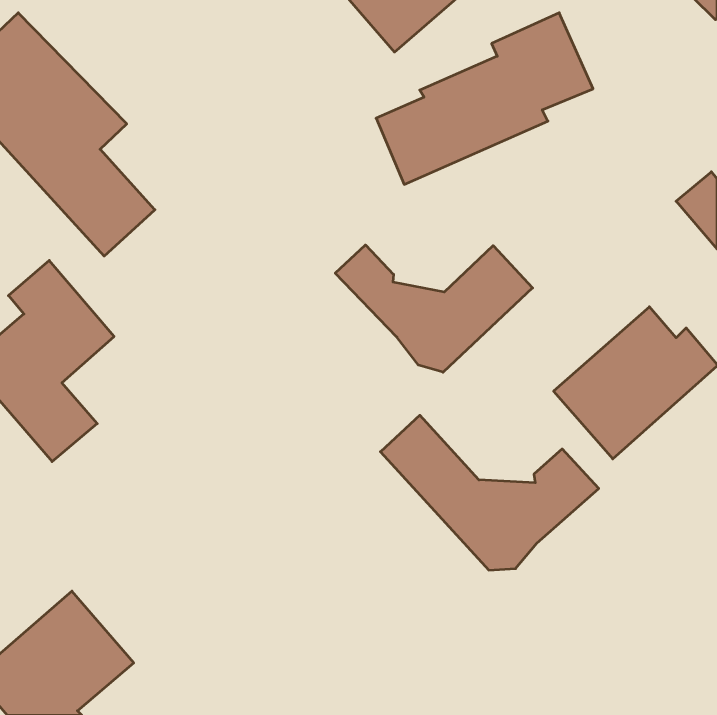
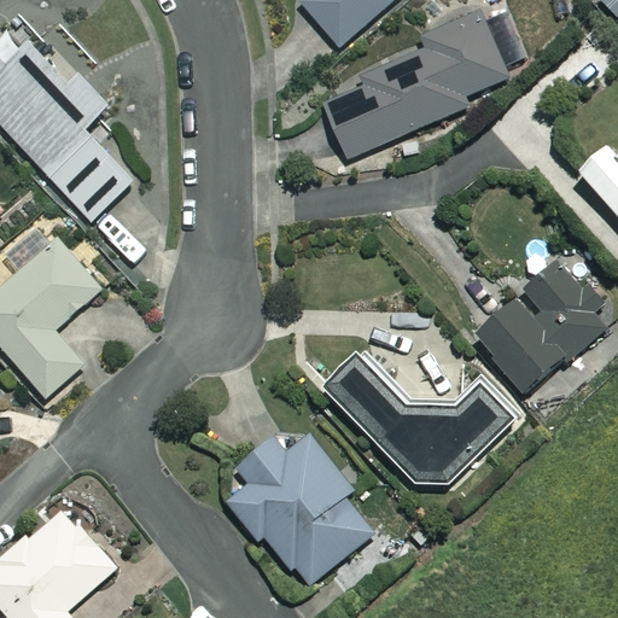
building: [335,245,533,372] -> none
building: none -> [226,431,379,587]

